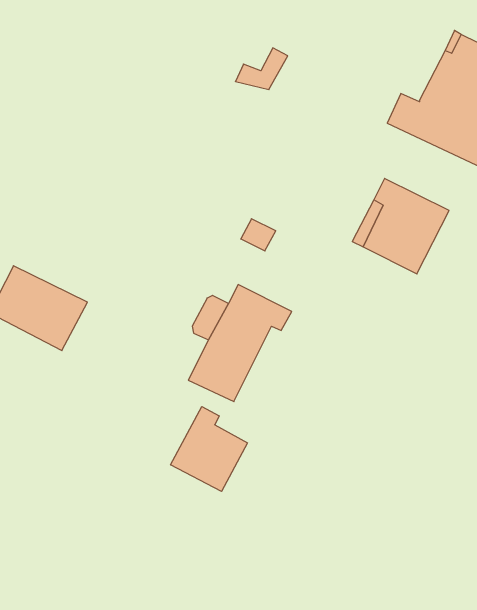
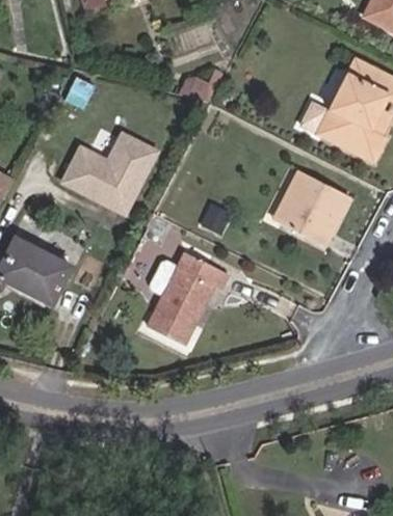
building: none -> [58,129,160,216]
building: [171,407,247,491] -> none

